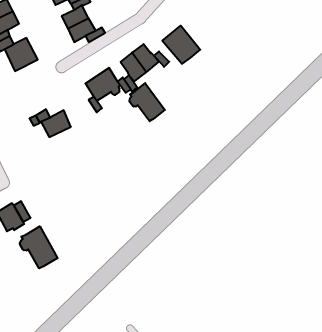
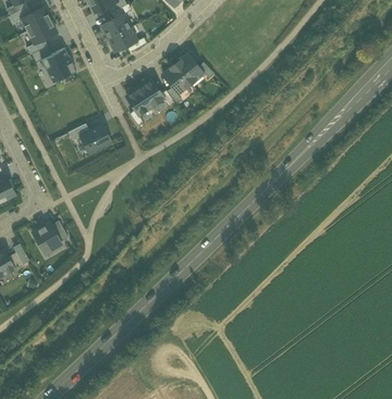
building: [162,26,200,64] -> none
building: [129,83,165,121] -> none
building: [20,226,58,268] -> none

